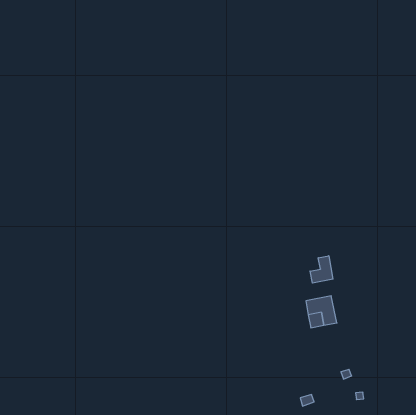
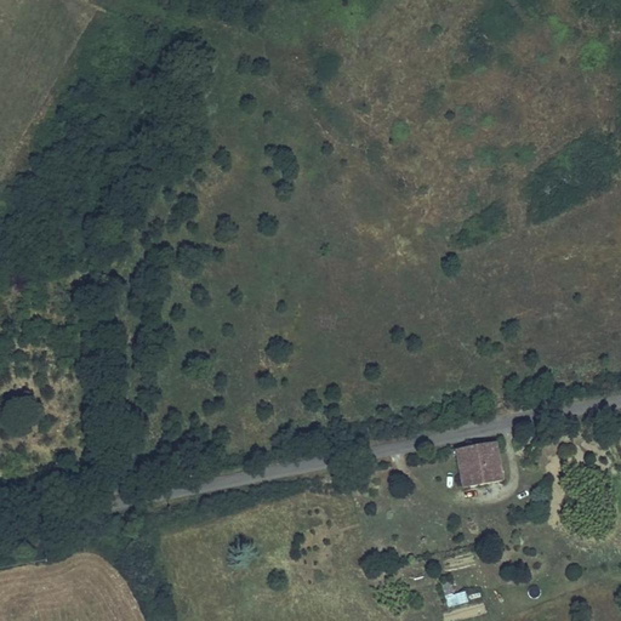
building: [310,256,333,283] -> none

